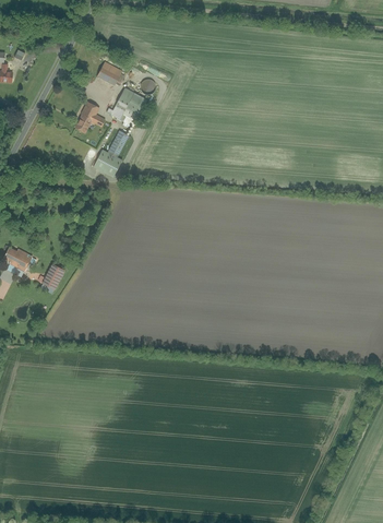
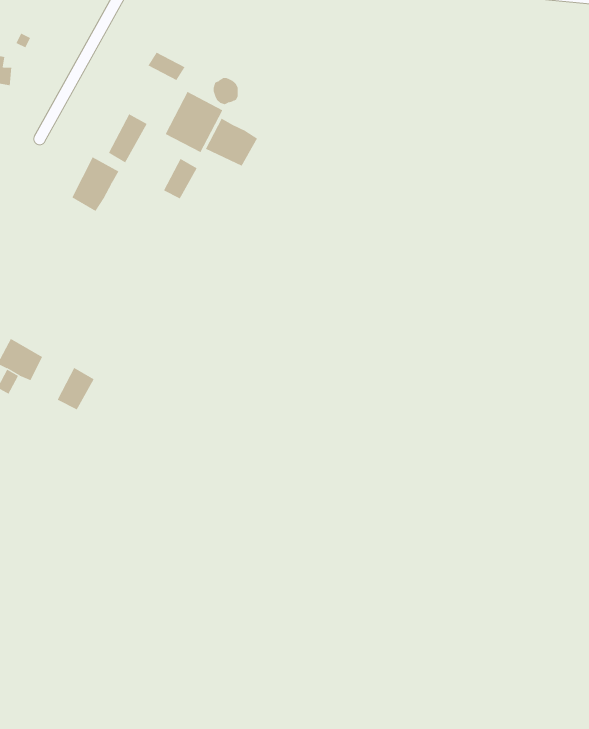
building: none -> [205,118,258,167]
building: none -> [72,156,119,212]

